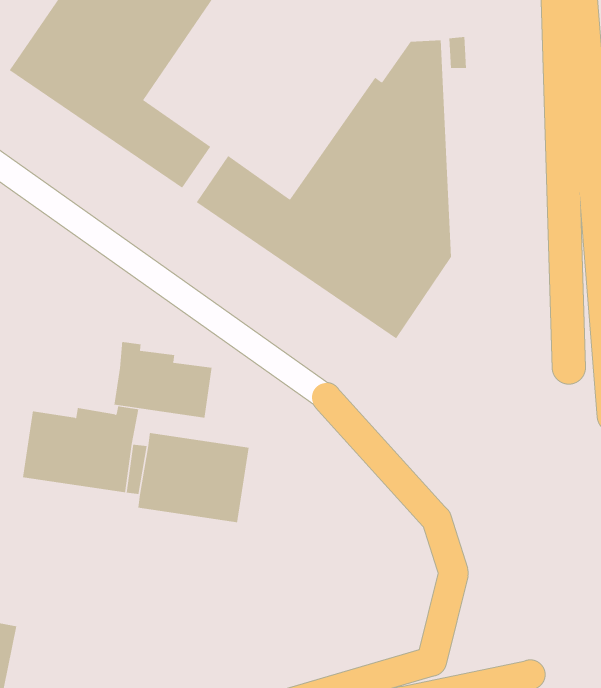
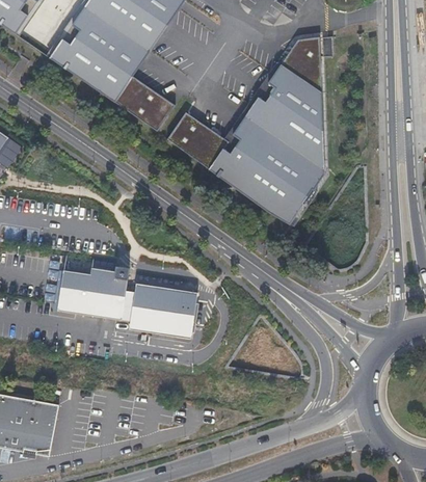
building: [114,341,212,419] -> none

